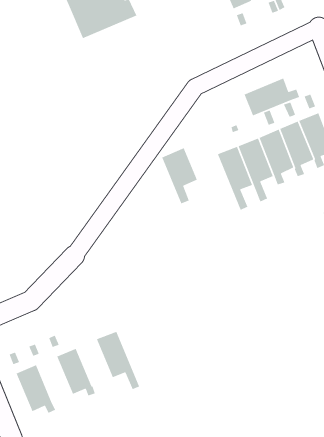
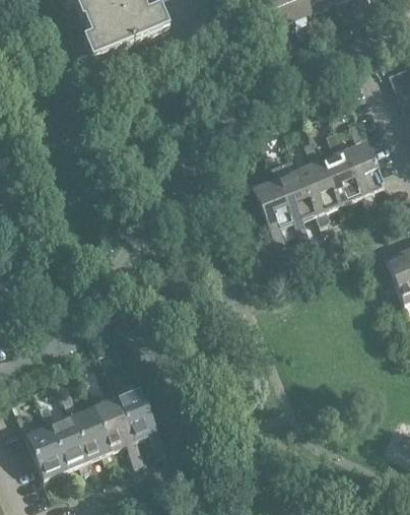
building: [243,78,300,117] -> none
building: [161,147,198,204] -> none
building: none -> [92,394,142,461]
building: none -> [48,413,92,468]

